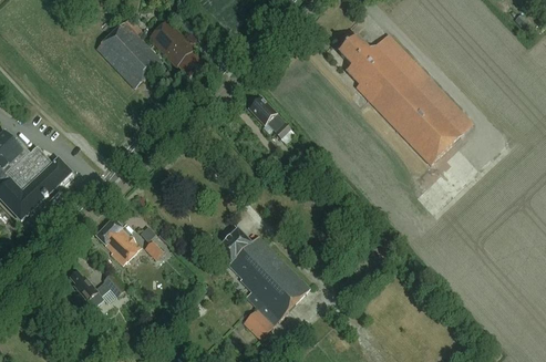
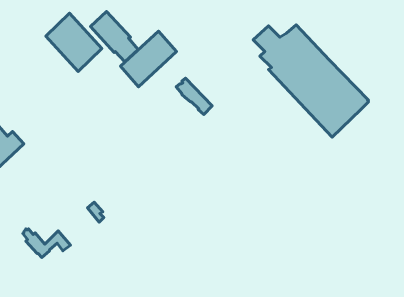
building: none -> [121,31,176,87]
building: [95,218,141,265] -> none
building: [217,229,309,339] -> none

